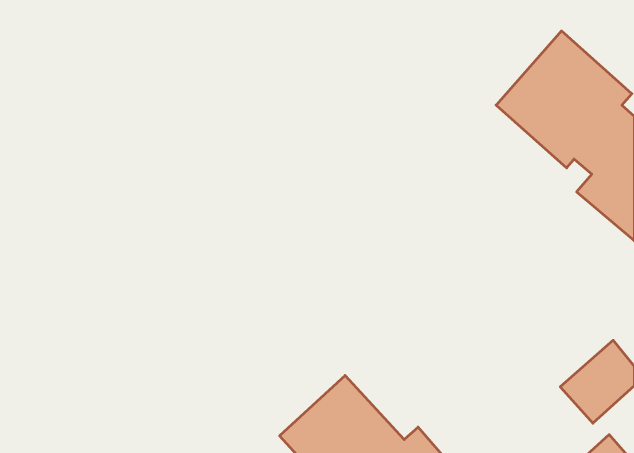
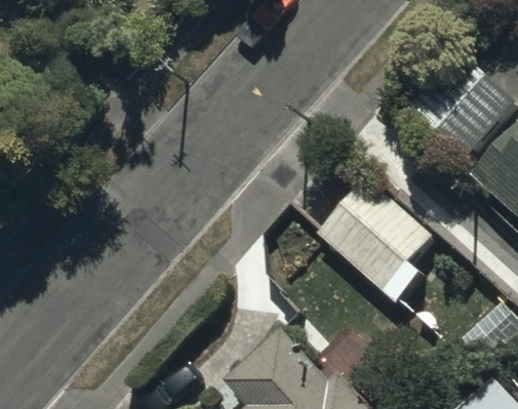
building: none -> [315,174,433,304]

